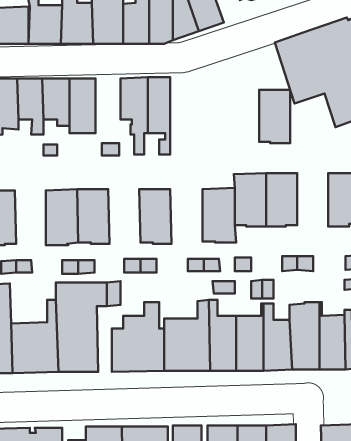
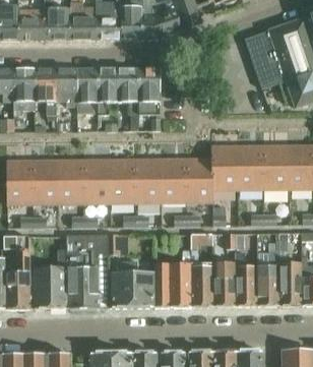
building: none -> [99,68,119,114]
building: [259,90,290,143] -> [263,145,289,189]
building: none -> [109,159,135,203]
building: none -> [160,159,186,203]
building: none -> [33,160,58,204]

